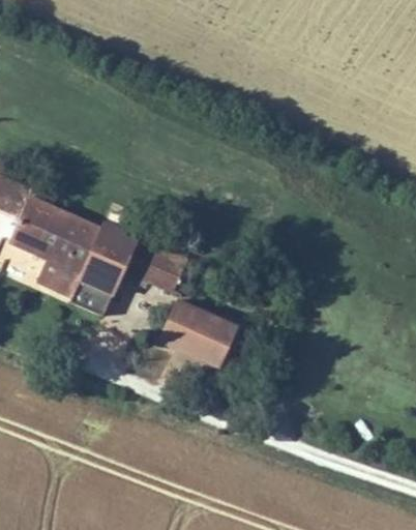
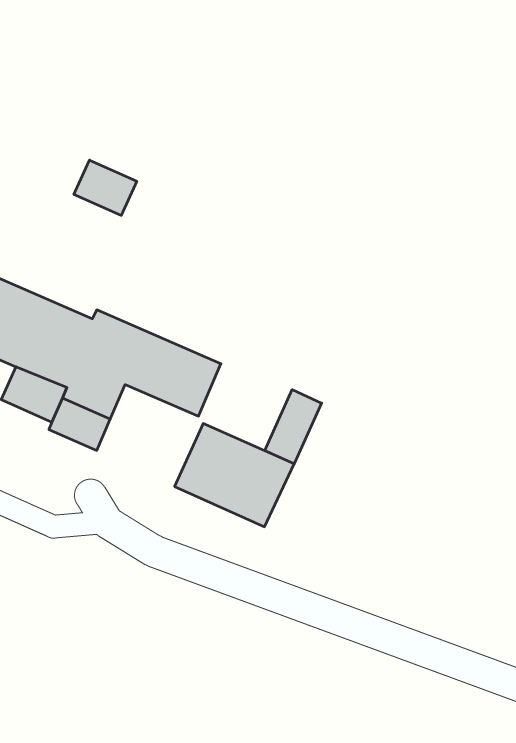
building: none -> [74,160,137,215]
building: none -> [265,390,322,464]

